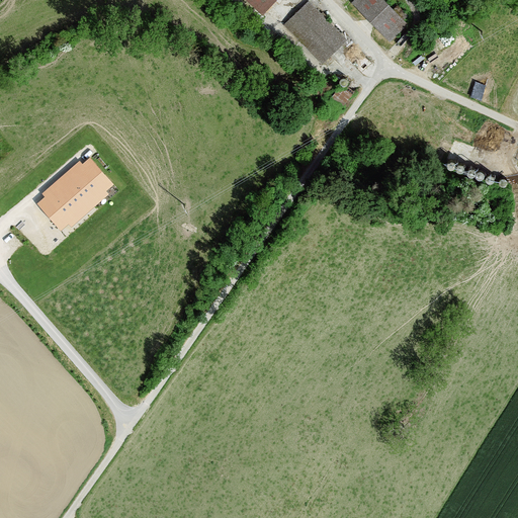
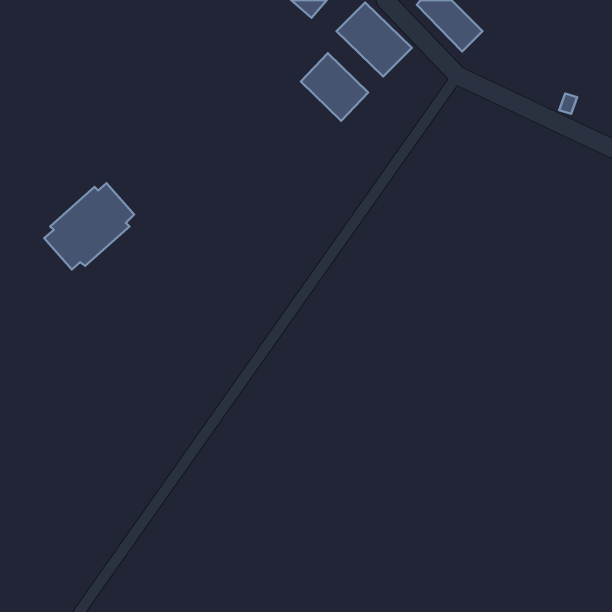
building: none -> [301,53,368,121]

